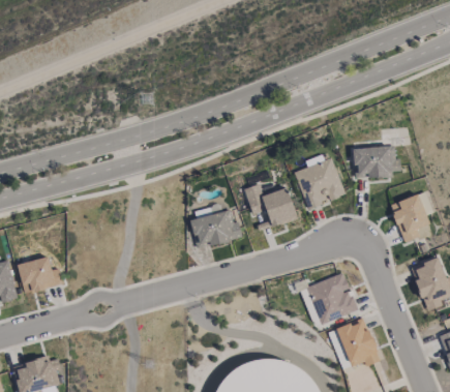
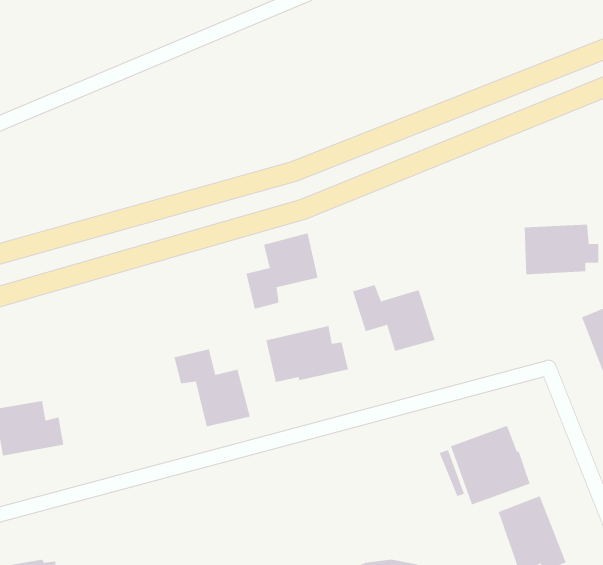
building: none -> [246,233,318,310]
building: [295,158,346,209] -> none
building: none -> [174,349,250,427]

